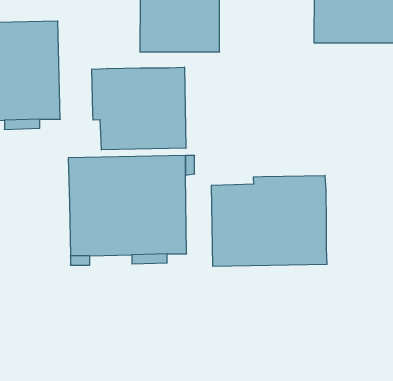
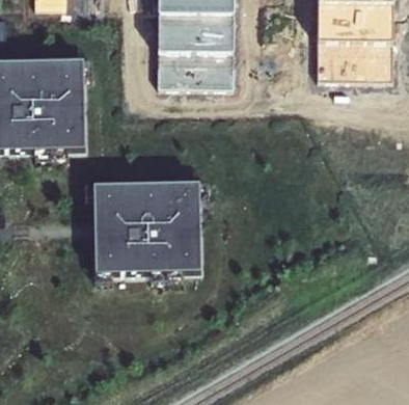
building: [92,67,186,150] -> none
building: [211,175,327,266] -> none

